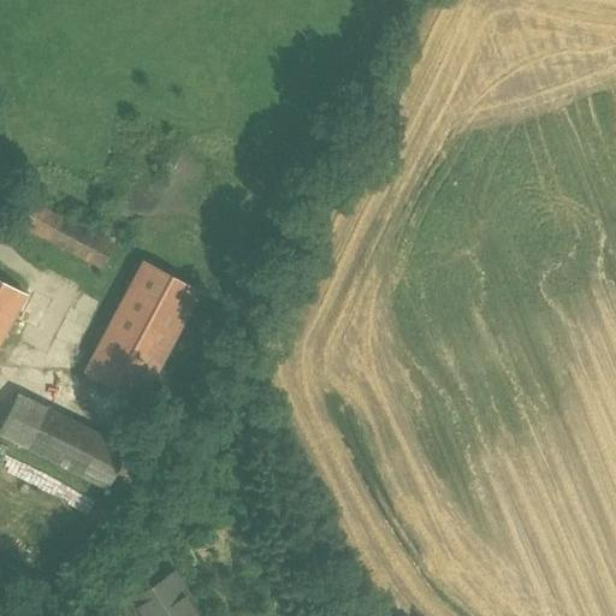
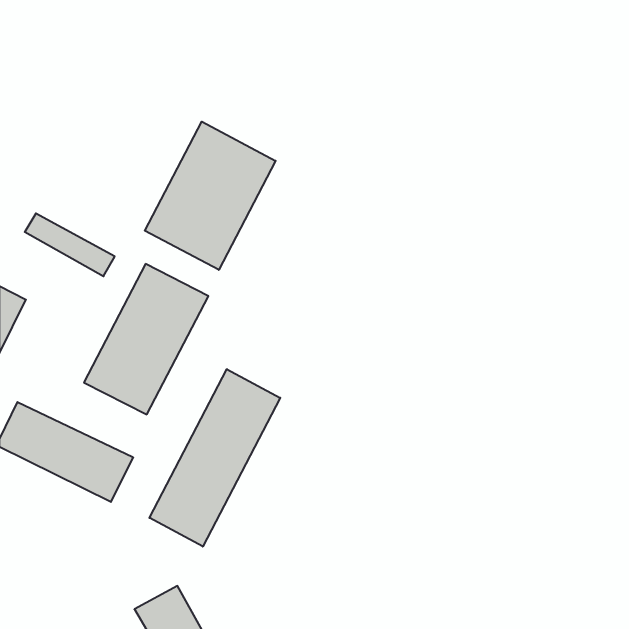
building: none -> [145,122,276,270]
building: none -> [149,369,280,547]

